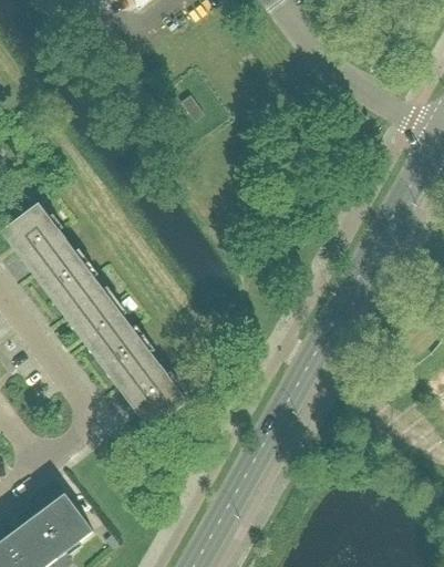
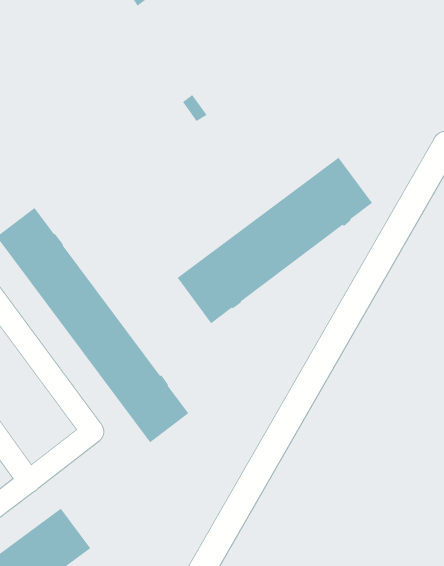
building: none -> [177,157,373,324]

